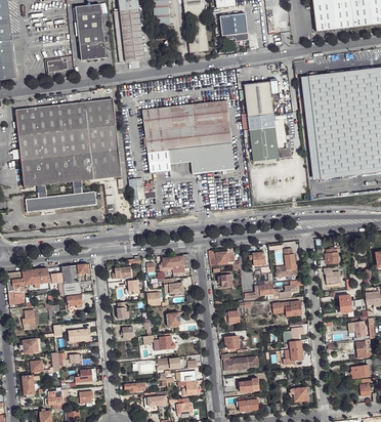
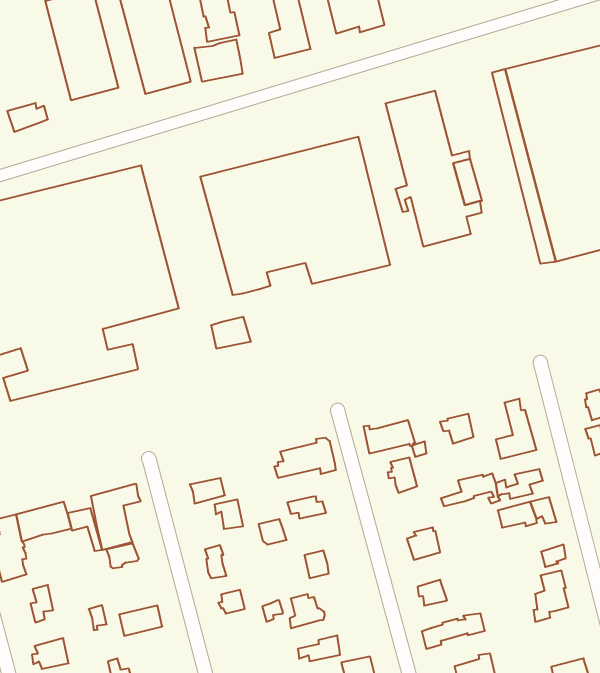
building: none -> [194,39,242,82]

